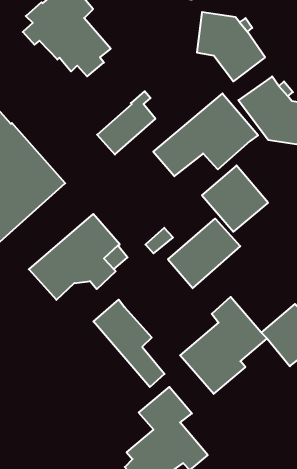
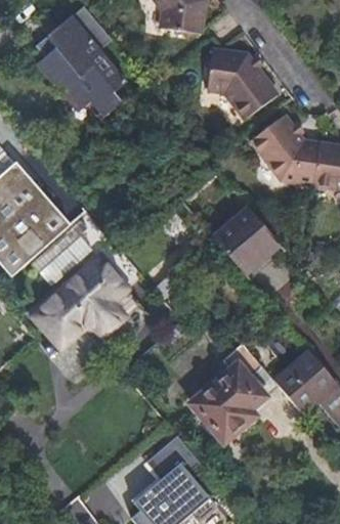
building: [97,91,155,155] -> [32,221,92,287]
building: [153,93,258,176] -> none
building: [168,219,240,288] -> none
building: [93,300,165,387] -> none

